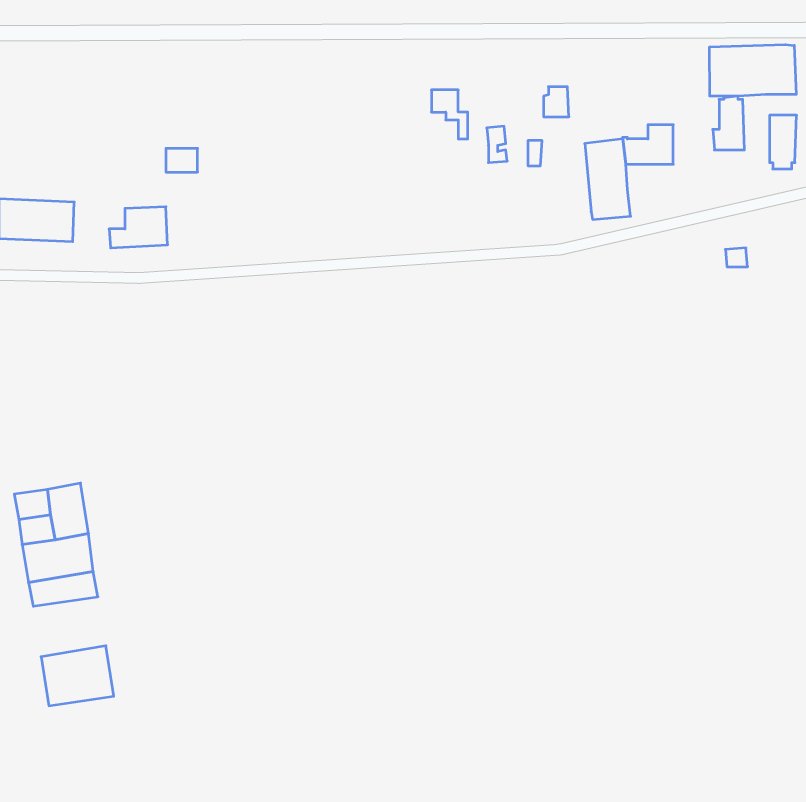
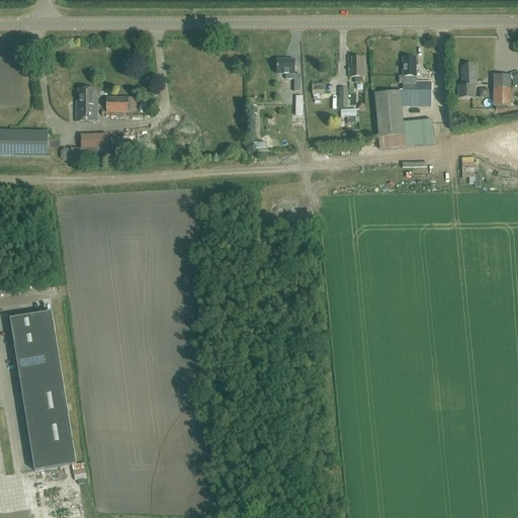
building: [710,45,796,96] -> none
building: none -> [398,56,415,89]
building: none -> [75,87,96,119]
building: none -> [402,117,433,139]
building: none -> [21,382,68,421]
building: none -> [31,446,76,468]

